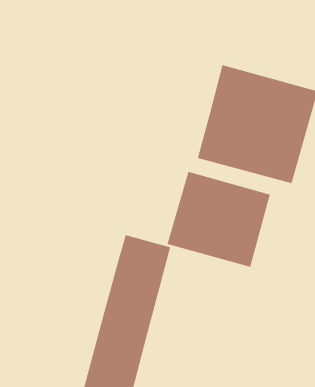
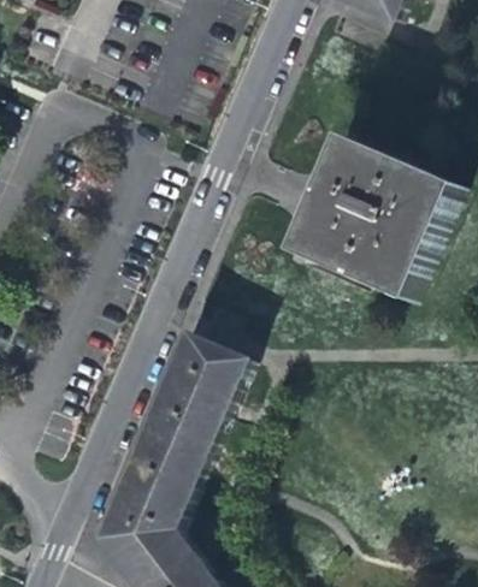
building: [166,171,271,268] -> none

